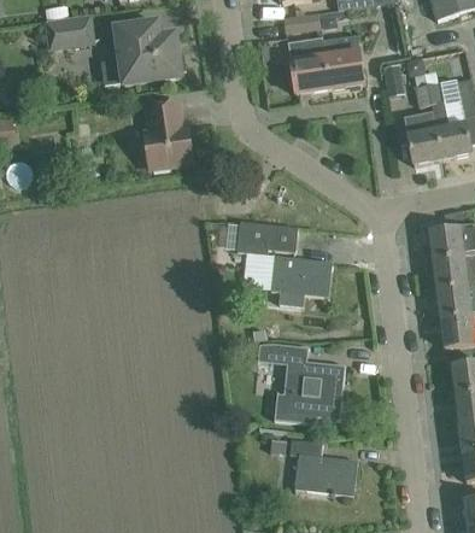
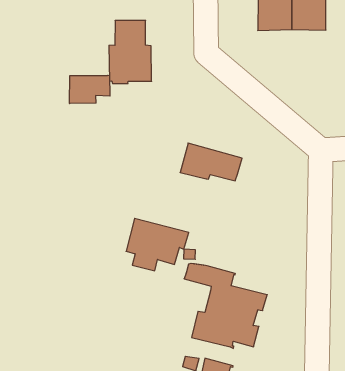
building: none -> [70,75,110,104]
building: [270,256,332,306] -> [126,218,189,271]

